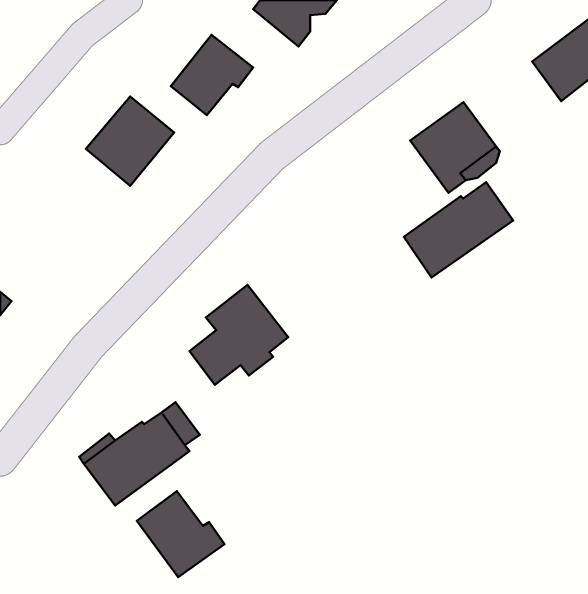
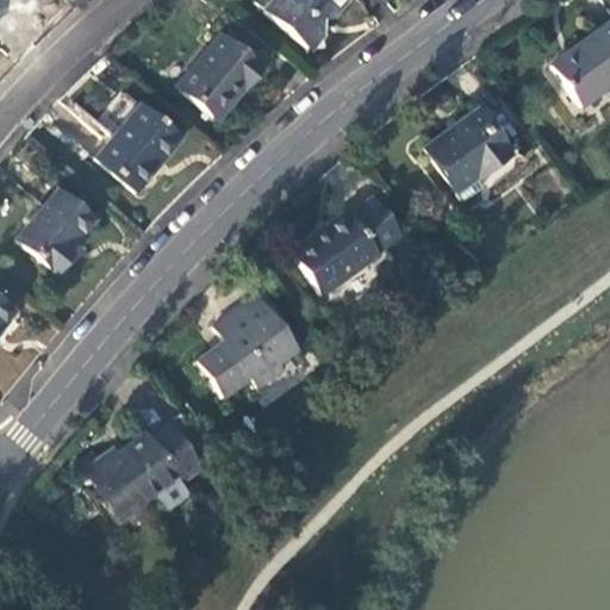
building: [404,182,513,278] -> [290,198,402,295]
building: none -> [18,195,94,278]
building: [137,491,225,577] -> none

